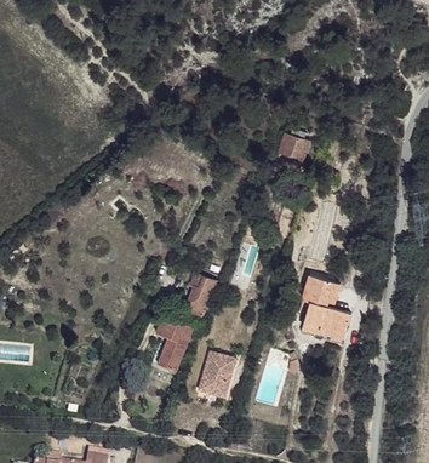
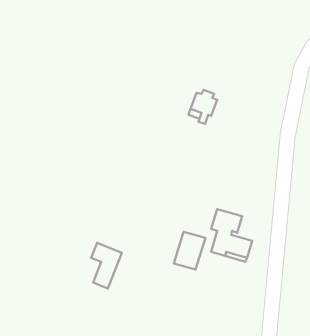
building: [187,273,216,316] -> none
building: [198,350,236,396] -> [174,232,205,270]

